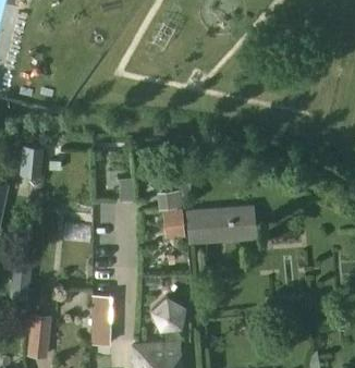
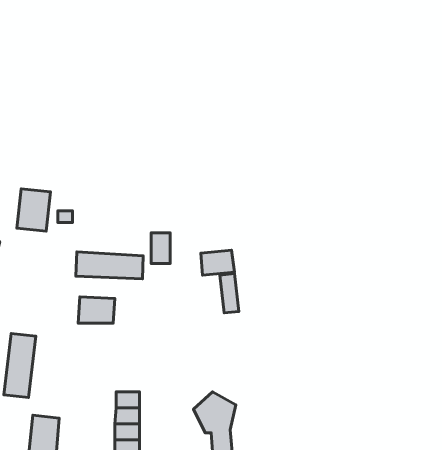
building: none -> [76,252,143,279]
building: [188,208,252,243] -> none

